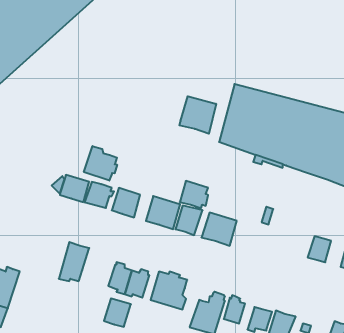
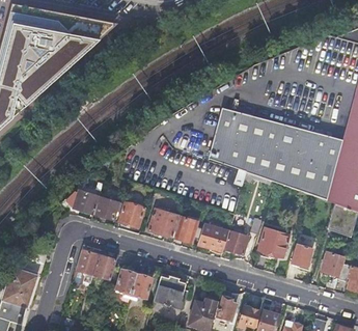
building: [179,96,216,134] -> none
building: [84,146,117,181] -> none
building: [180,181,208,208] -> [223,229,248,253]
building: none -> [256,227,288,257]
building: [104,298,131,327] -> [92,253,116,278]

